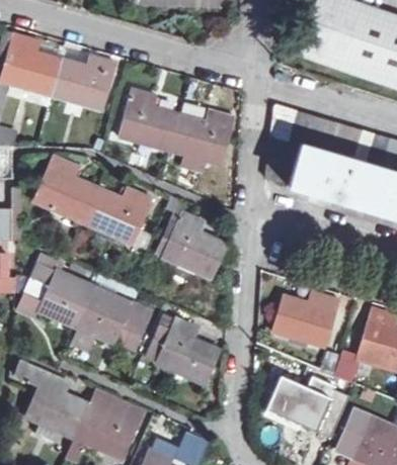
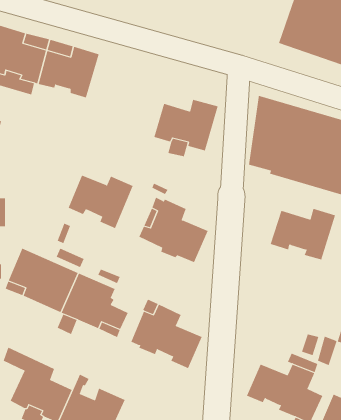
building: [120,90,180,150] -> none
building: [34,157,97,221] -> none
building: [271,294,338,347] -> [270,208,336,260]

